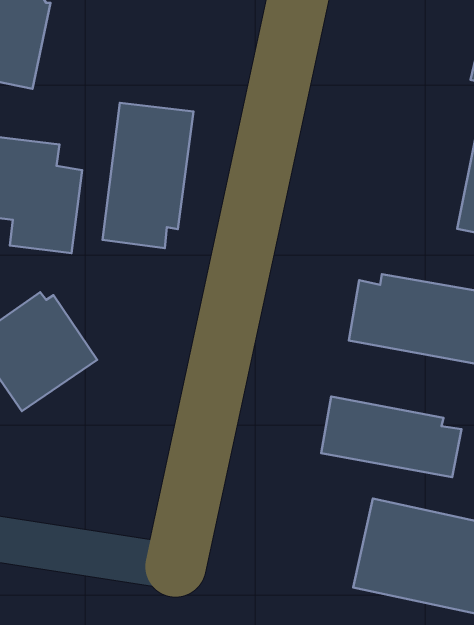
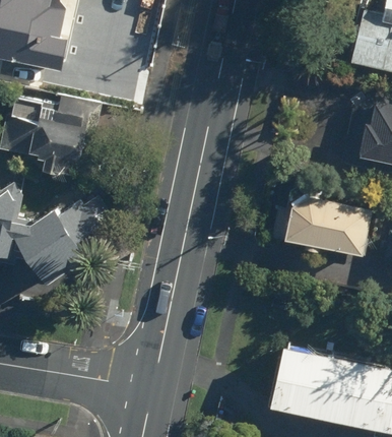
building: [102,103,194,248] -> none
building: [321,396,461,477] -> none

